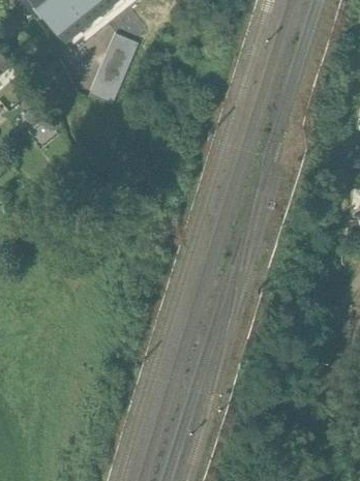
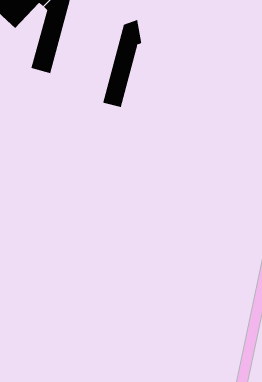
building: none -> [102,19,142,108]

